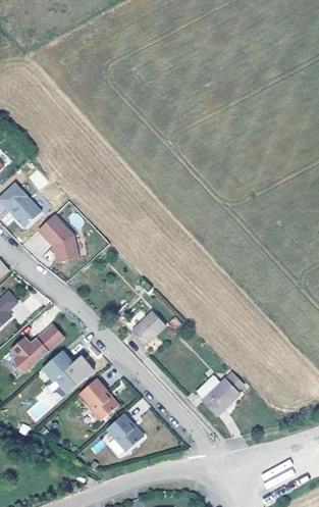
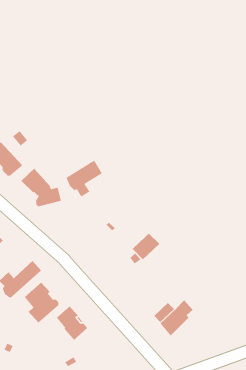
building: none -> [65,160,103,198]
building: [131,311,165,344] -> [132,233,160,260]
building: [106,413,143,451] -> none

